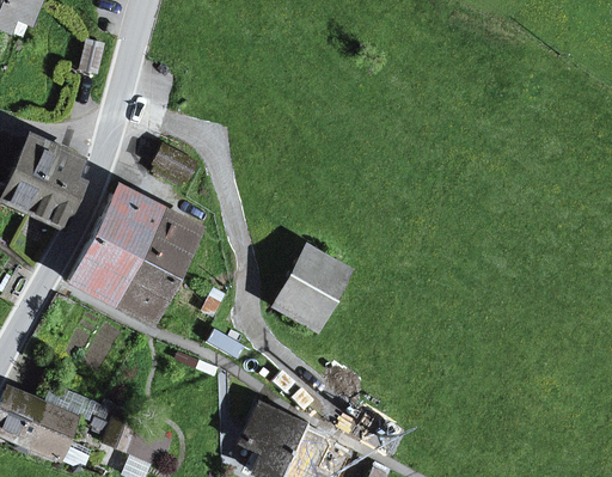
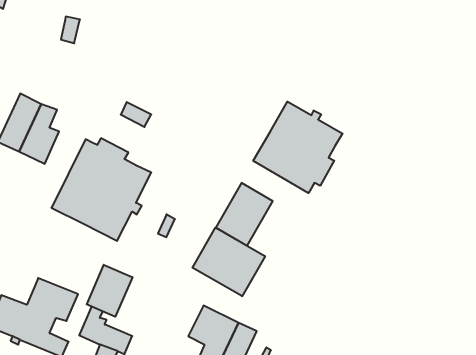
building: none -> [253,102,343,193]
building: none -> [192,228,265,296]
building: none -> [87,265,132,317]

